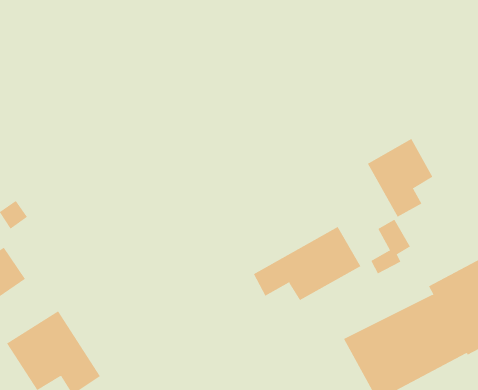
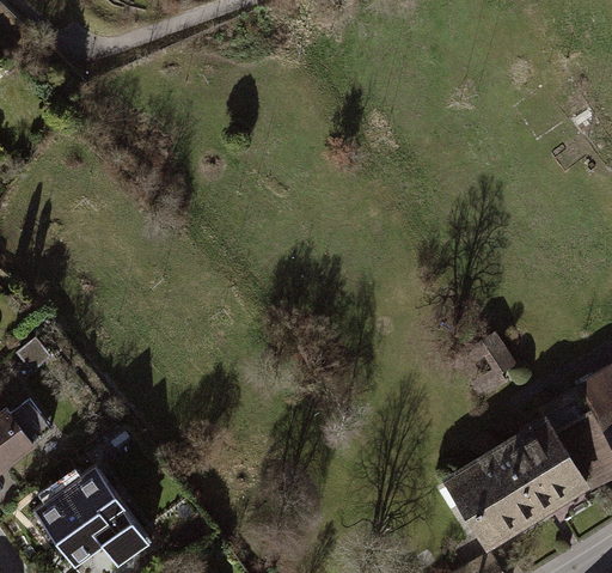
building: [367,138,433,217] -> none
building: [253,226,361,301] -> none

